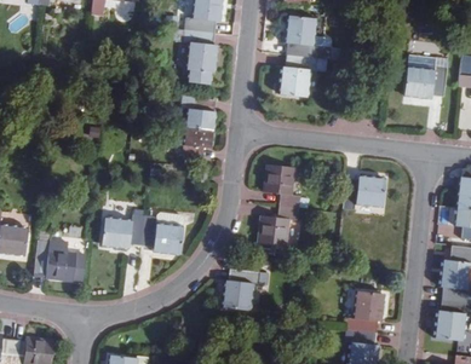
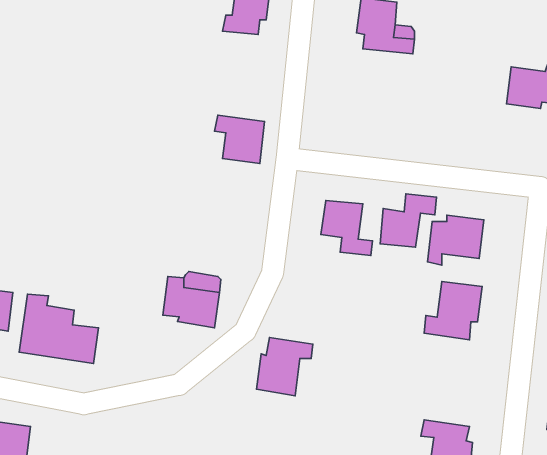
building: [176,34,216,87] -> none
building: [281,48,329,93] -> none
building: [183,131,214,162] -> none
building: [255,201,298,241] -> [380,194,437,247]
building: [103,218,145,250] -> none
building: [338,288,381,331] -> [424,282,482,340]

